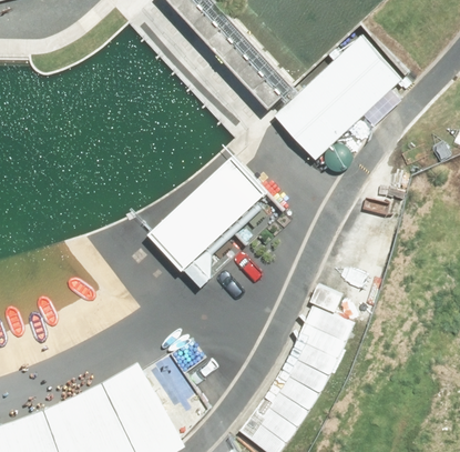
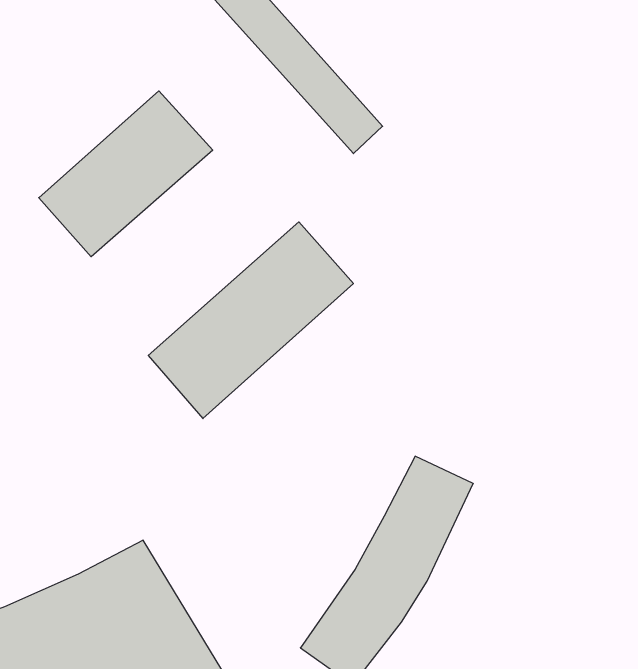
building: [275,36,403,163] -> none
building: none -> [39,91,213,257]

